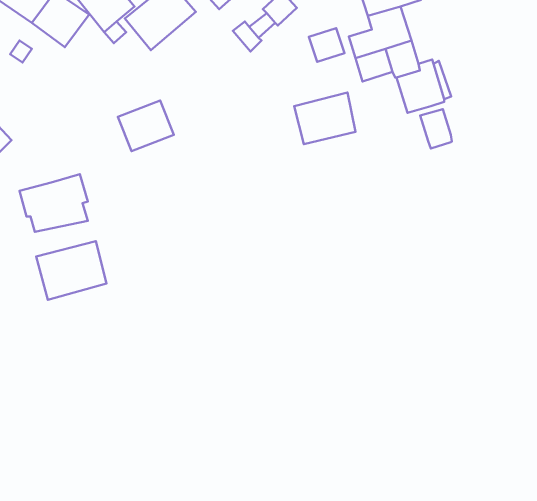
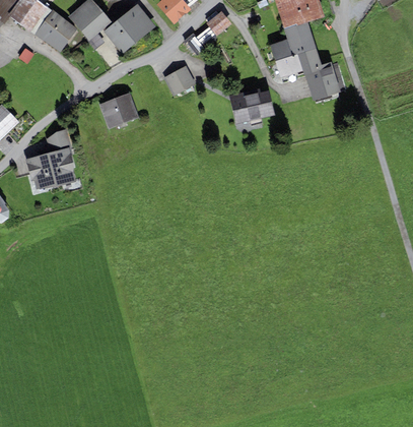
building: [309,28,345,62] -> none
building: none -> [163,64,196,96]
building: [420,109,452,148] -> none
building: none -> [47,129,70,152]
building: [36,241,106,300] -> none

